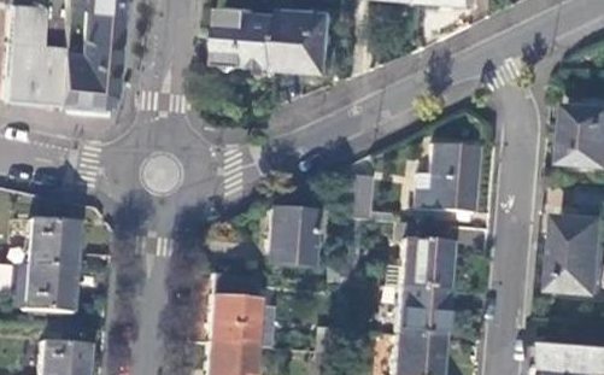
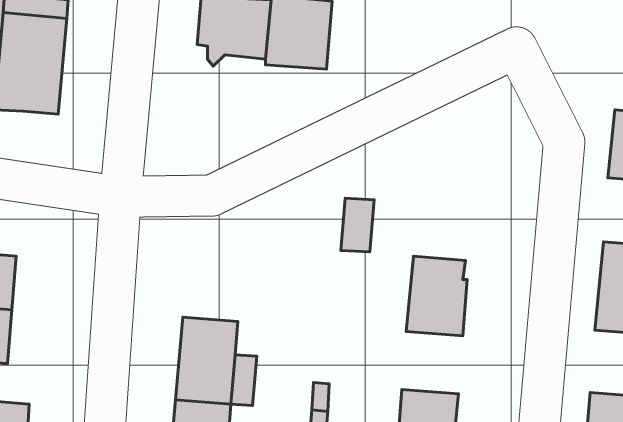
building: [414,147,476,216] -> none
building: [265,213,315,270] -> none
building: [394,289,445,341] -> none

